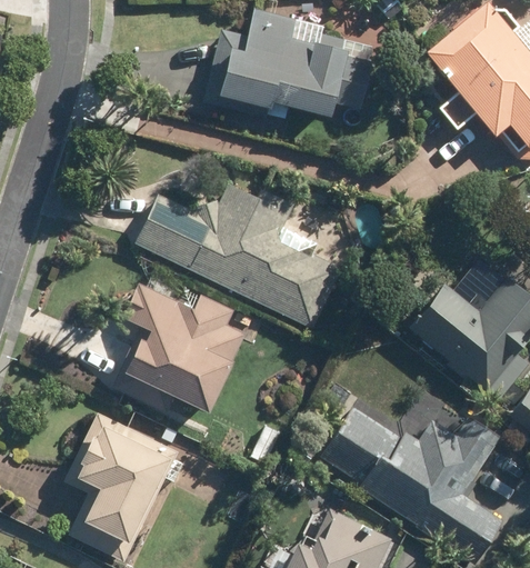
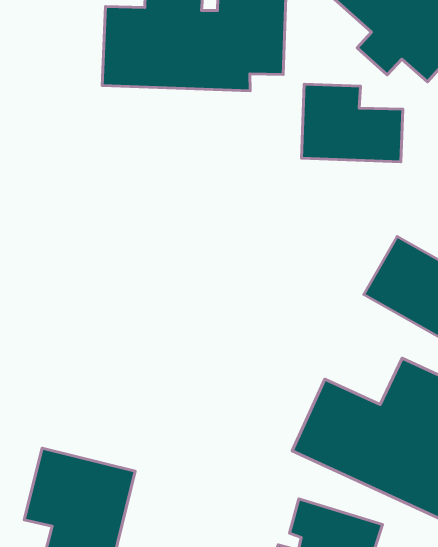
building: none -> [301,84,403,162]
building: [137,182,346,330] -> none
building: [118,280,247,416] -> none

